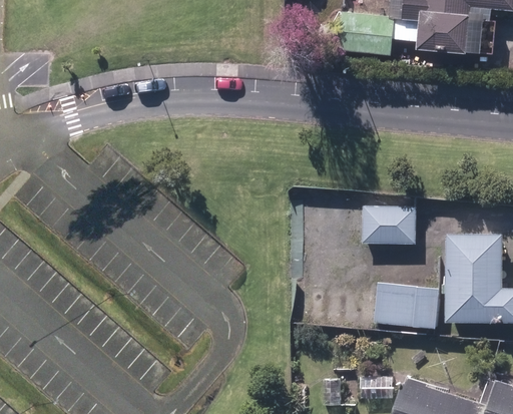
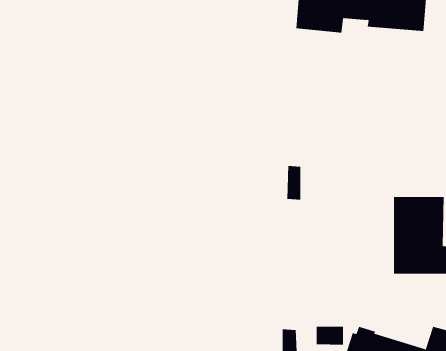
building: [364,210,418,245] -> none
building: [376,283,441,329] -> none

